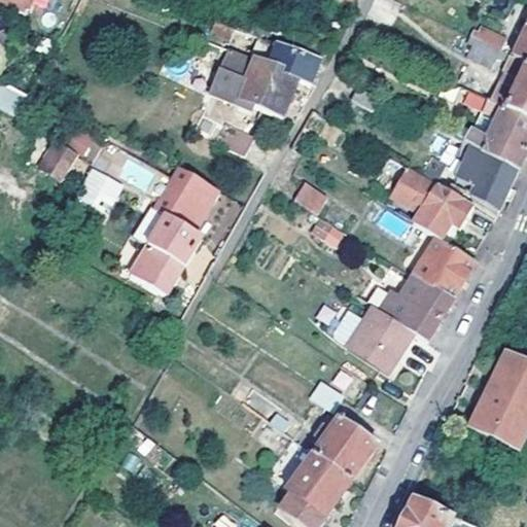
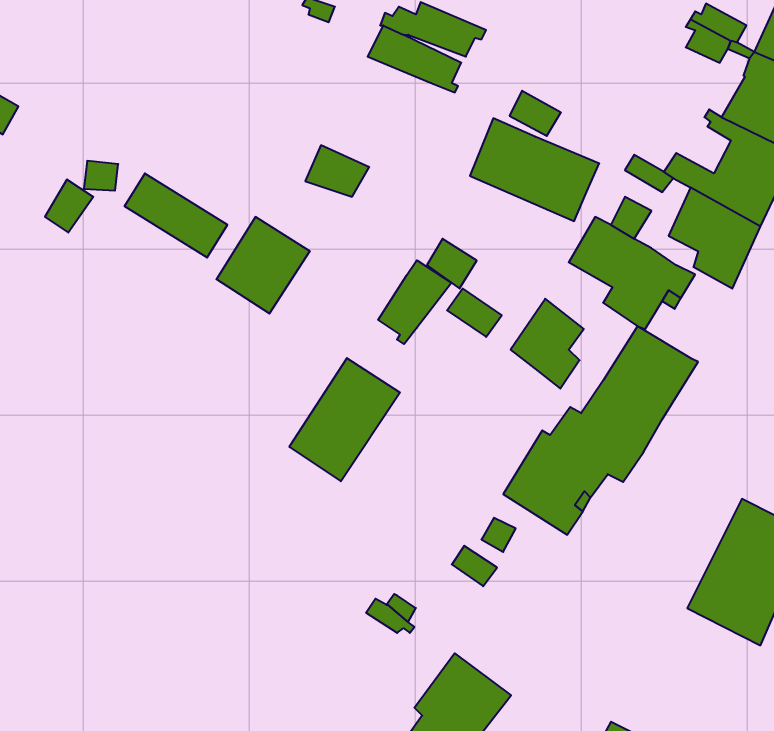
building: [213,47,298,115] -> [470,118,599,221]
building: [82,167,125,210] -> none
building: none -> [378,260,451,344]
building: [130,214,203,295] -> [289,358,400,481]
building: none -> [511,299,584,389]
building: [314,418,378,482] -> none

